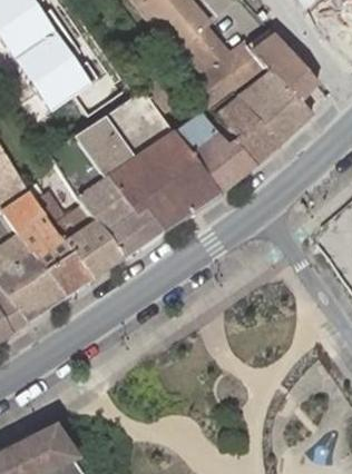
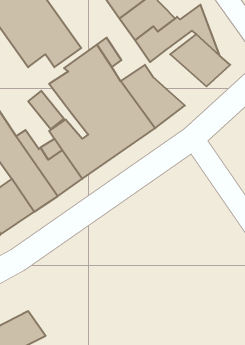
building: [209,93,282,164] -> none

